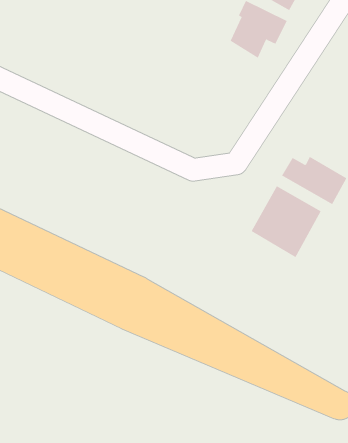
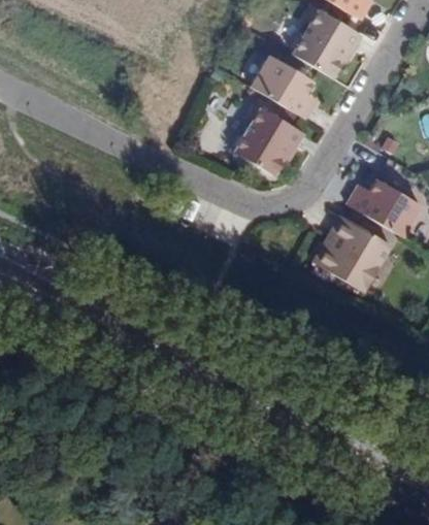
building: none -> [244,51,311,117]
building: none -> [232,105,304,176]

